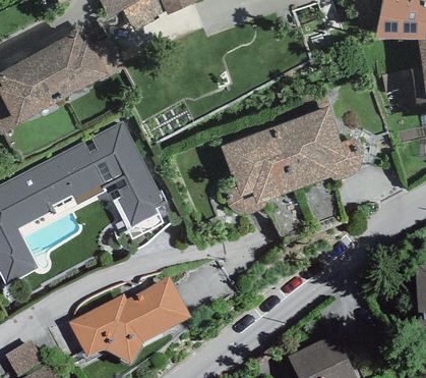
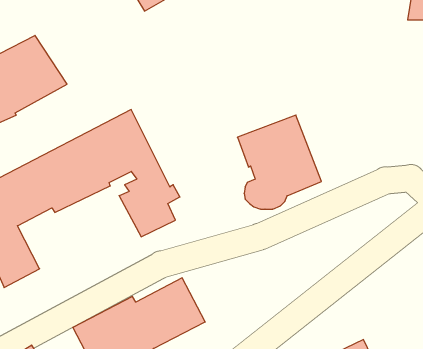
building: [34,31,109,98] -> none
building: [273,105,362,187] -> none

